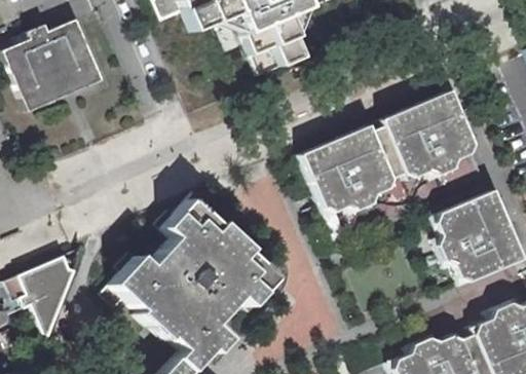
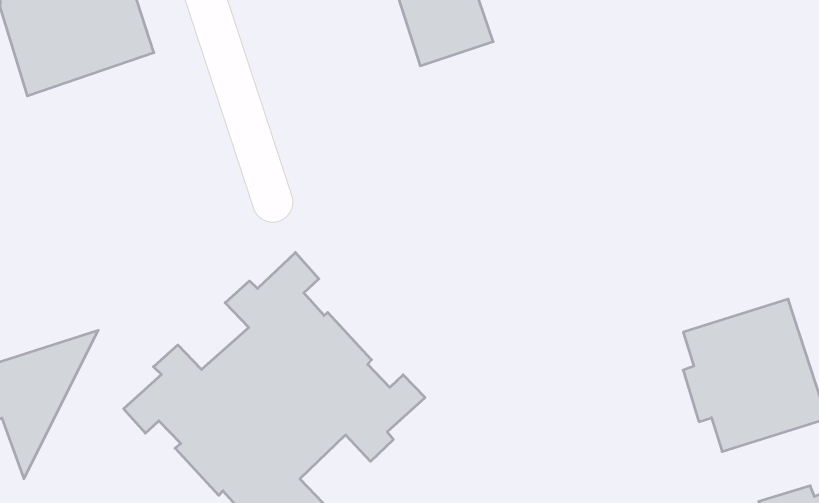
building: [302,90,479,215] -> none

